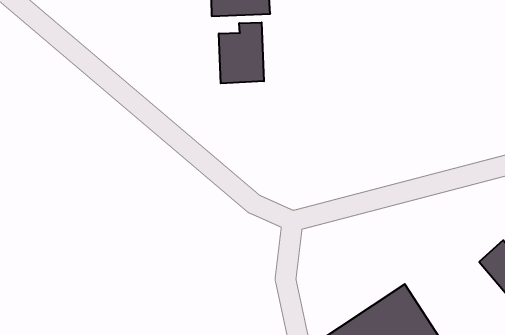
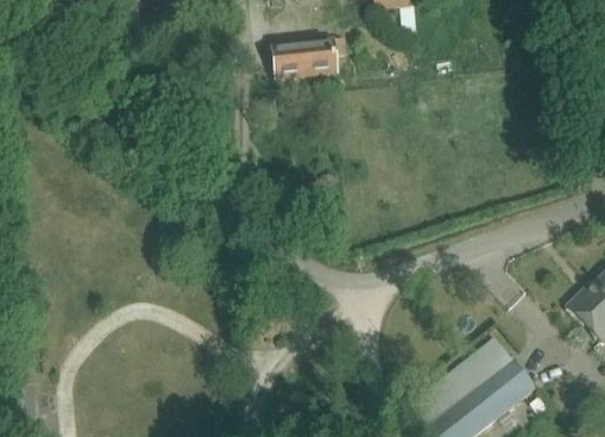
building: [219,22,264,83] -> none

